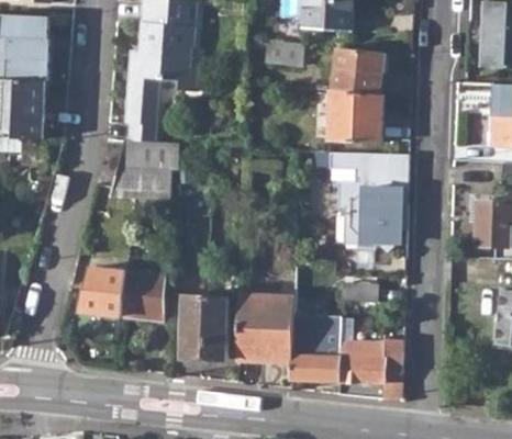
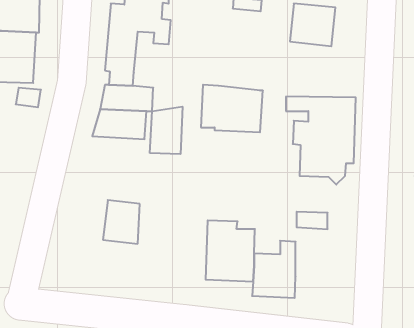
building: [313,89,383,143] -> [201,85,263,132]
building: none -> [150,107,182,154]
building: [81,267,126,315] -> none
building: [181,295,227,360] -> none
building: [338,339,402,399] -> none

